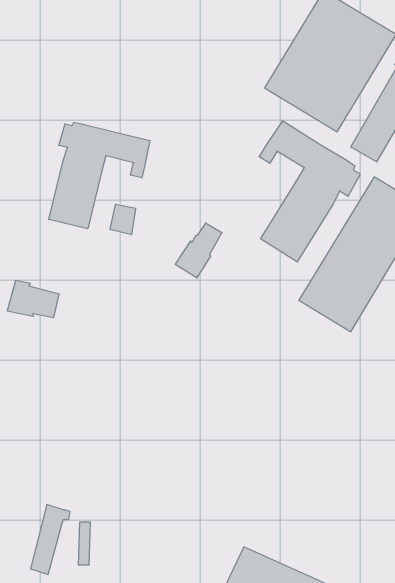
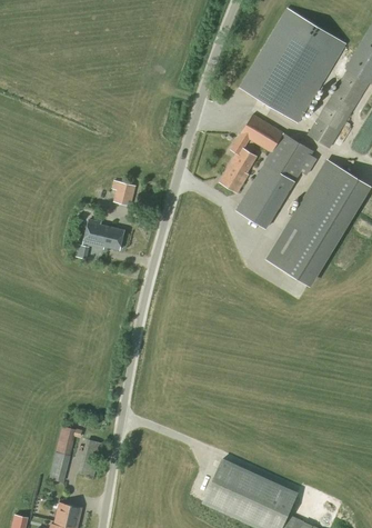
building: [49,122,150,229] -> none
building: [175,223,222,278] -> [219,148,257,192]
building: [7,281,59,318] -> [82,219,124,249]

